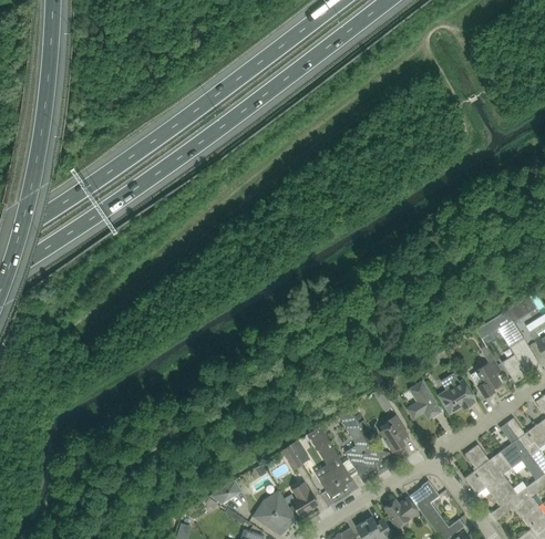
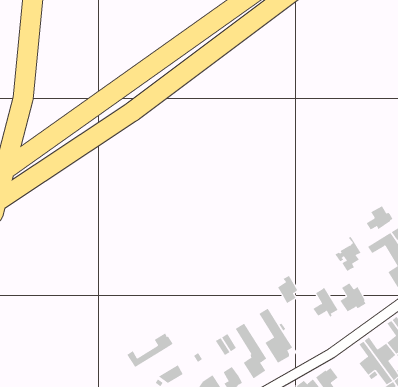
building: none -> [366,206,393,230]
building: [469,352,503,397] -> [335,236,362,272]
building: [380,415,407,452] -> [277,275,298,304]
building: none -> [127,333,174,368]

